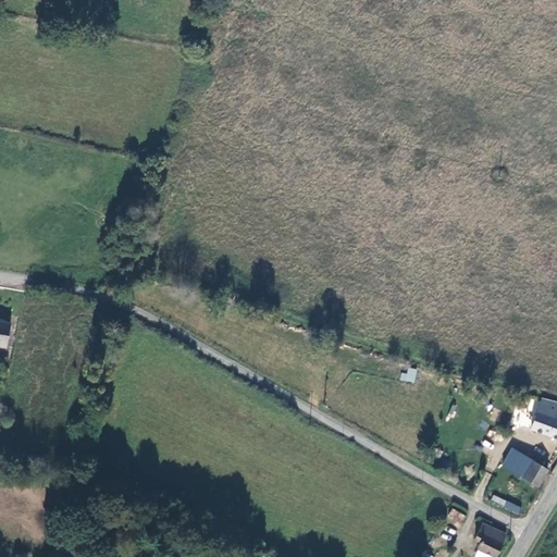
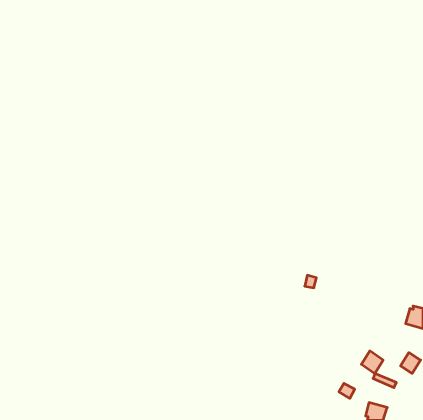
building: [506,449,534,479] -> [361,351,383,373]

